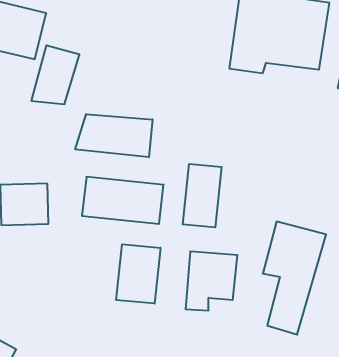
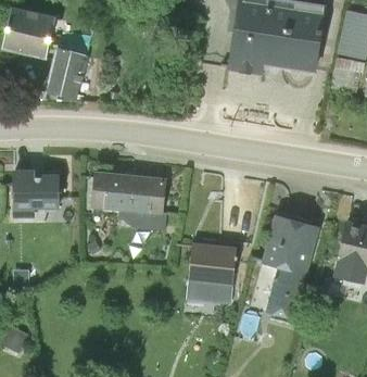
building: [75,114,153,157] -> none
building: [183,164,222,227] -> none
building: [116,244,160,304] -> none

